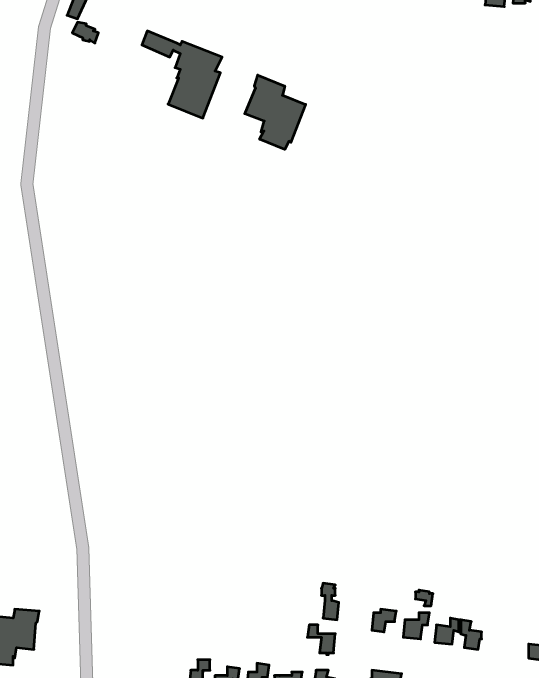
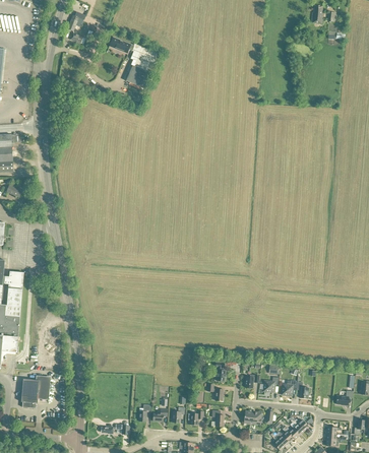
building: [245,75,306,149] -> none

